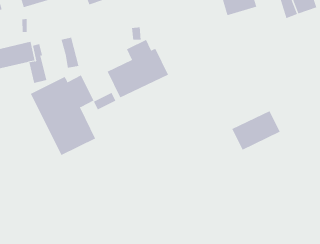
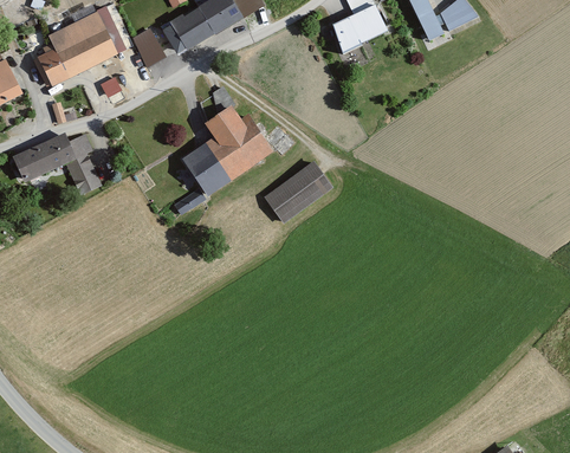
building: [61,37,79,69] -> none
building: [30,75,96,156] -> none
building: [232,110,280,150] -> [265,158,336,222]

